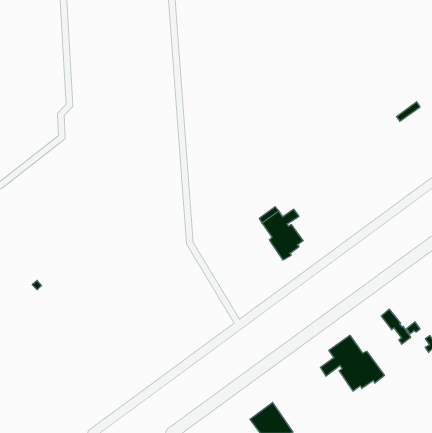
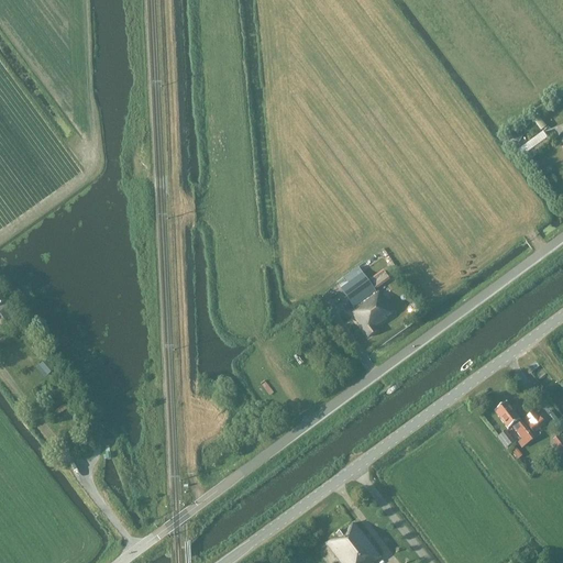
building: [320,335,384,391] -> none

